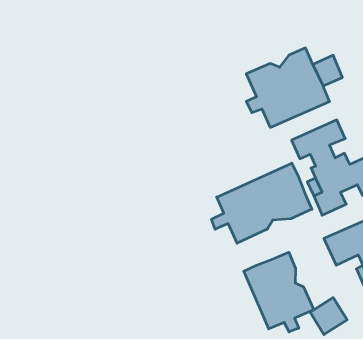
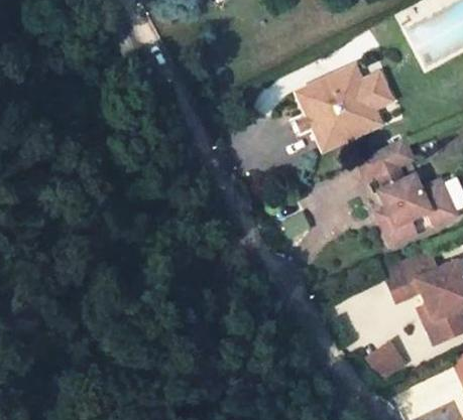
building: [212,163,312,243] -> none
building: [244,252,314,332] -> none

